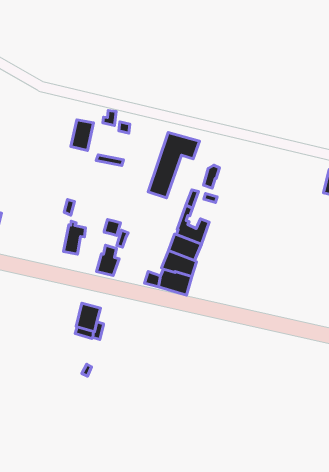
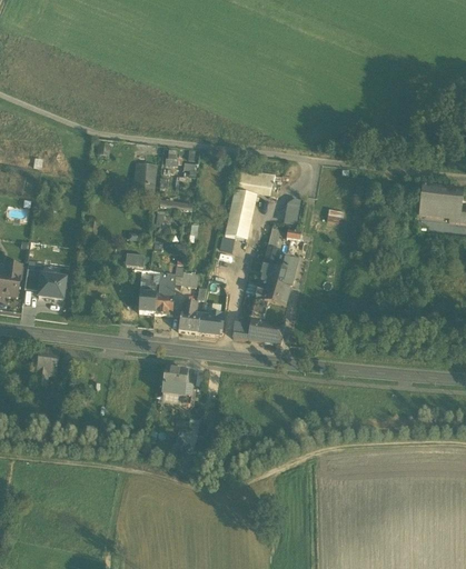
building: none -> [155,272,175,313]
building: none -> [197,309,225,333]

